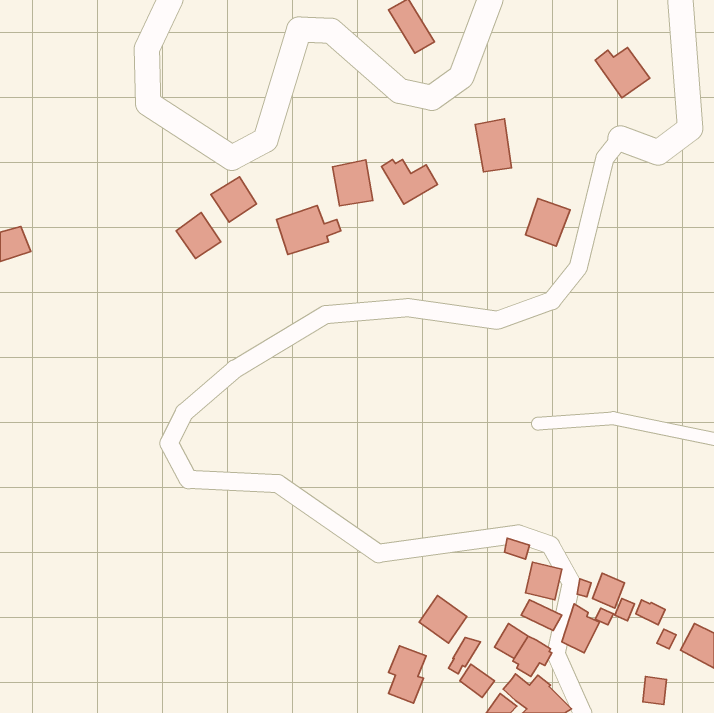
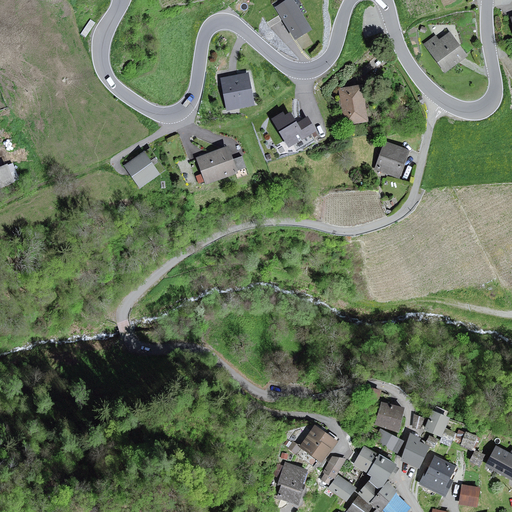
building: [332,160,373,206] -> [223,74,252,107]
building: [211,177,257,222] -> none
building: none -> [420,456,452,494]

